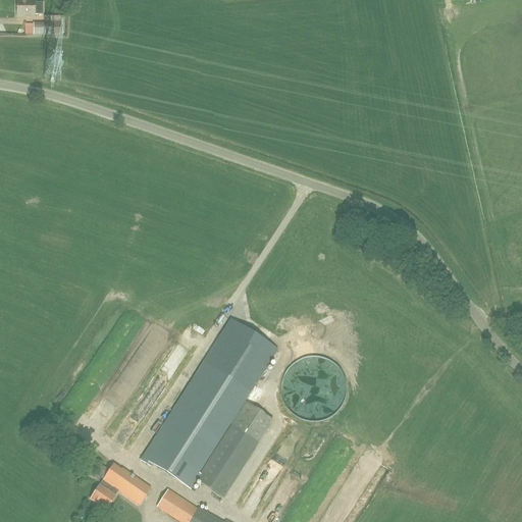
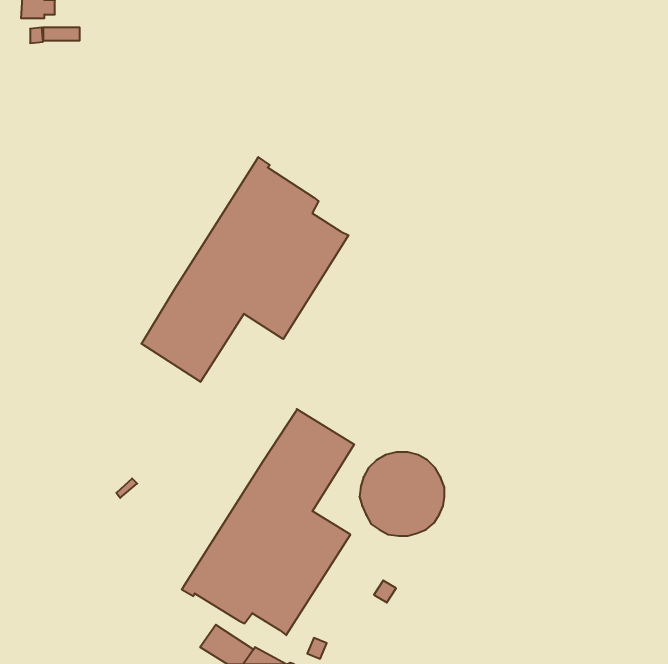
building: none -> [141,157,349,382]
building: [90,462,152,509] -> none

